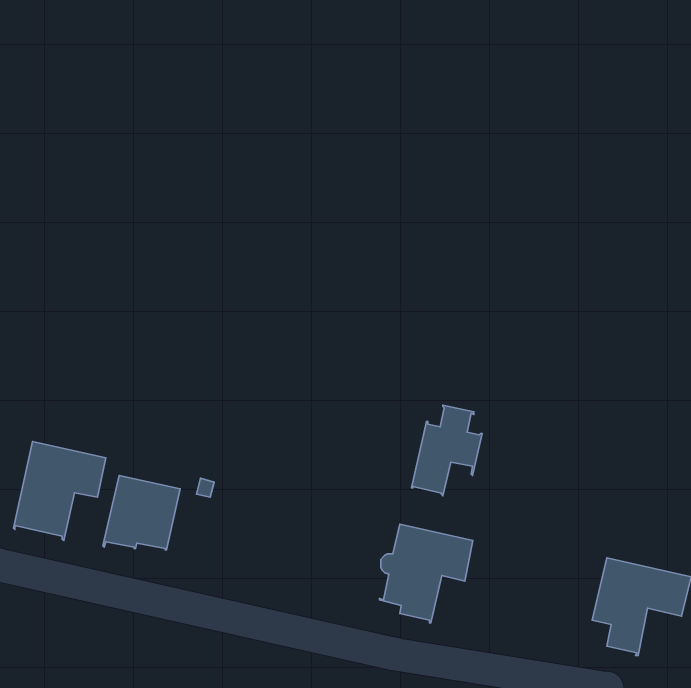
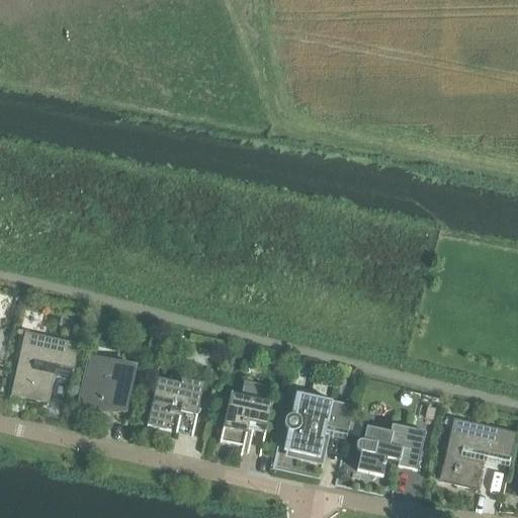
building: [412,405,482,496] -> [220,378,272,446]
building: none -> [147,376,203,434]
building: none -> [355,423,425,474]

